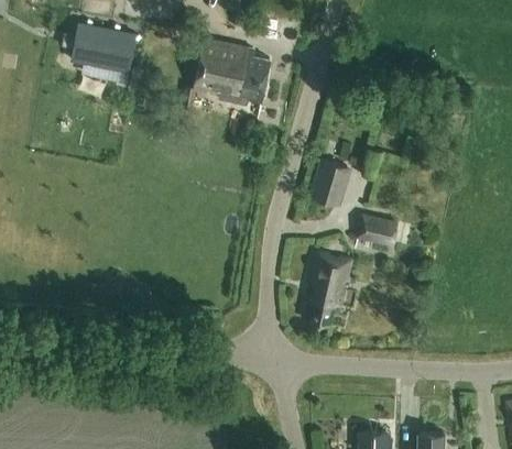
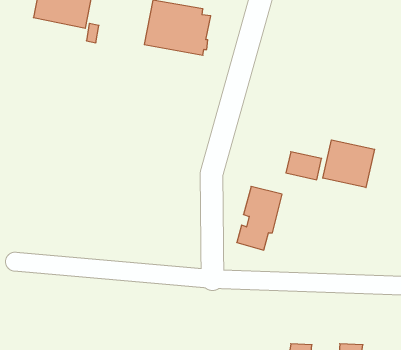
building: [309,160,345,204] -> none
building: none -> [323,140,375,188]

